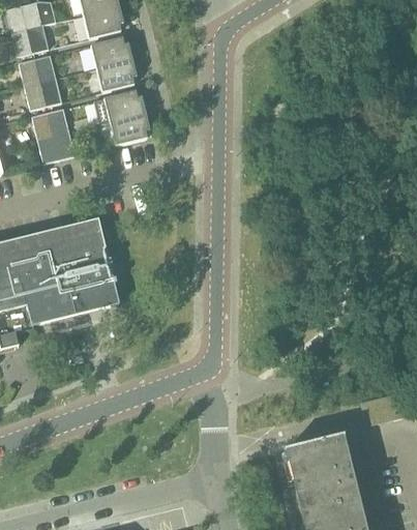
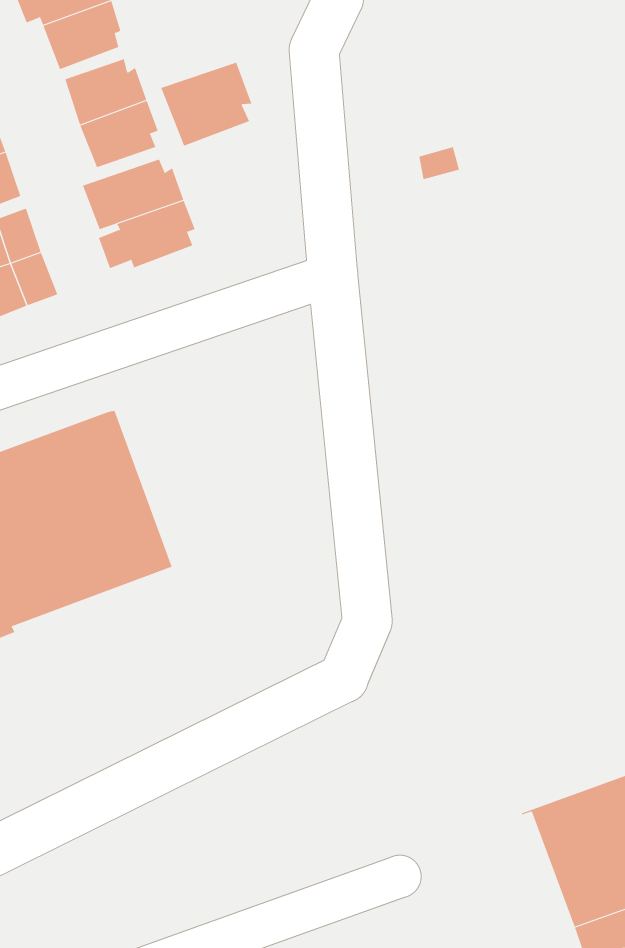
building: none -> [161,62,252,146]

